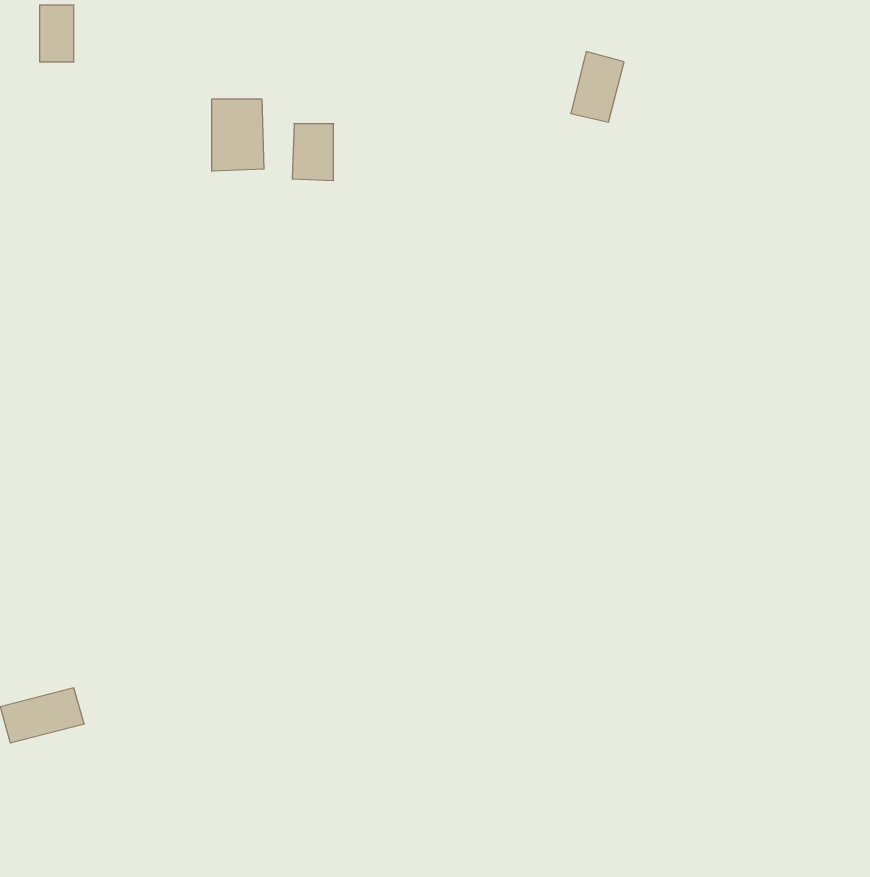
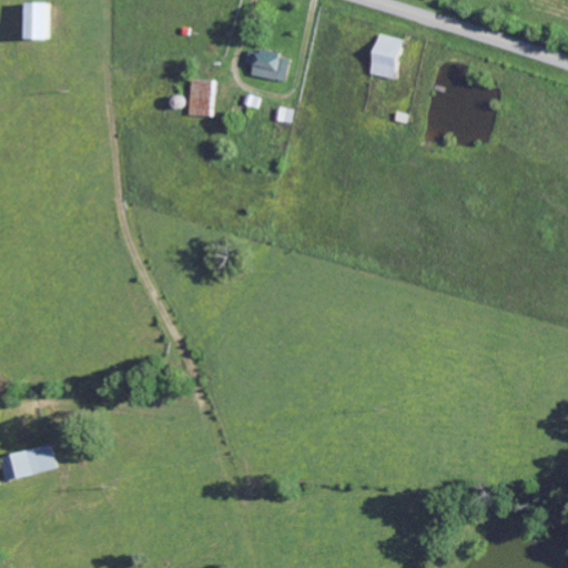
building: none -> [245,50,288,82]
building: [212,99,264,171] -> none

